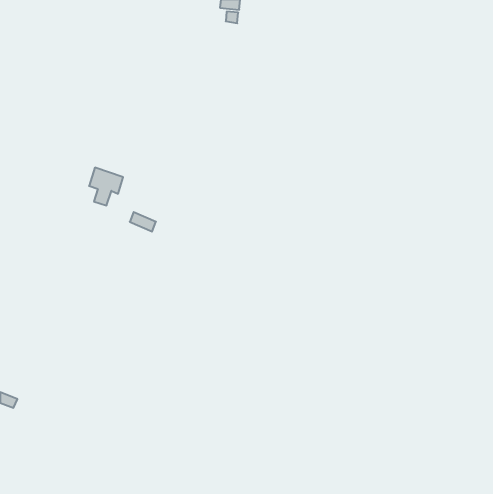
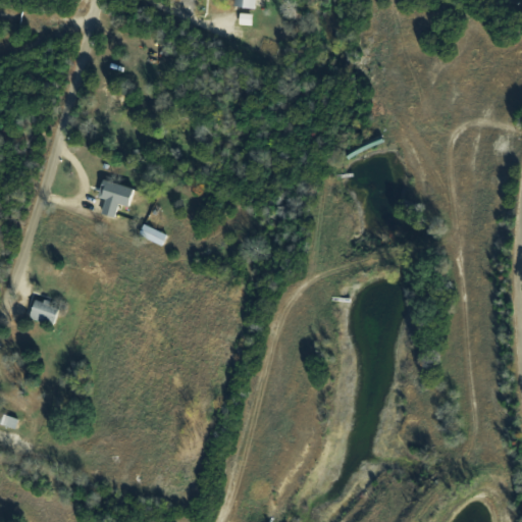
building: none -> [30,298,59,324]

